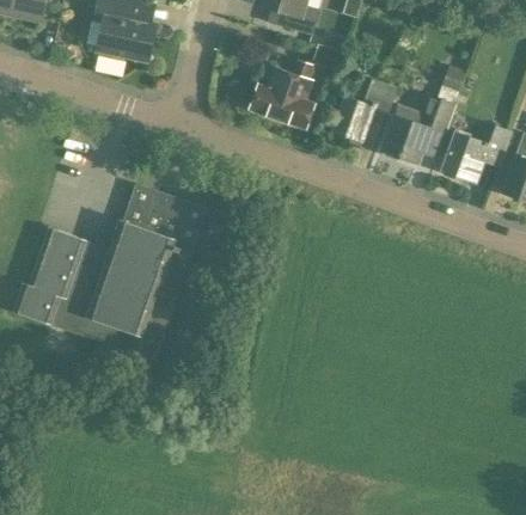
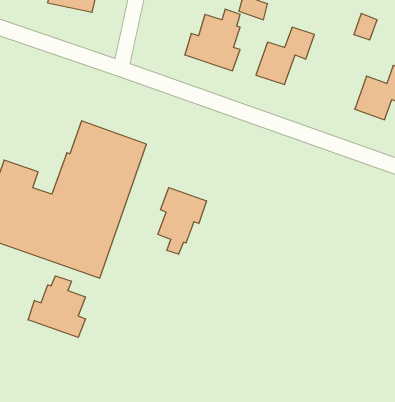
building: [381,92,455,161] -> none
building: none -> [158,188,206,254]
building: none -> [28,276,86,337]

